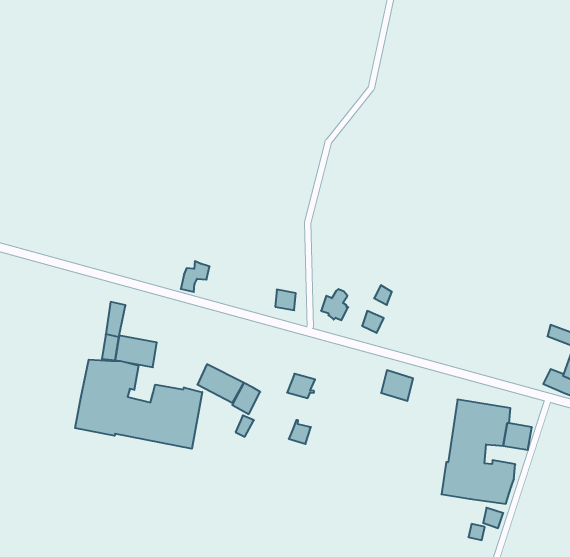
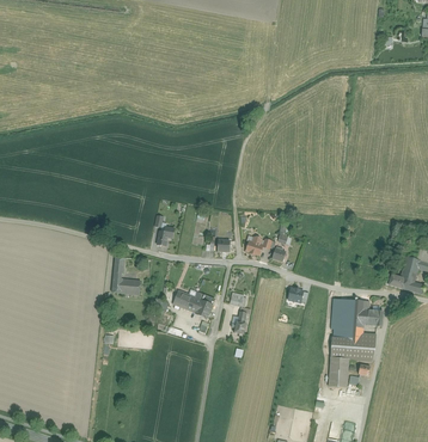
building: [75,360,202,449] -> none
building: none -> [328,358,348,388]

